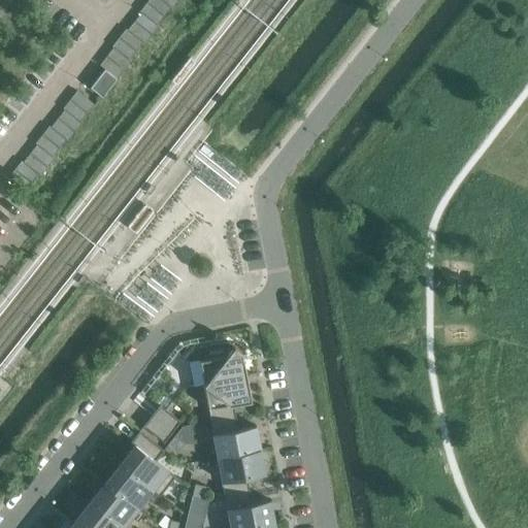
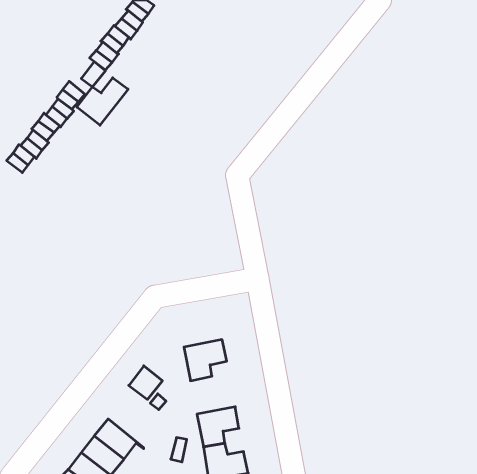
building: none -> [77,78,128,125]
building: [189,349,245,389] -> none
building: [210,419,260,461] -> none
building: [120,433,174,498] -> none

